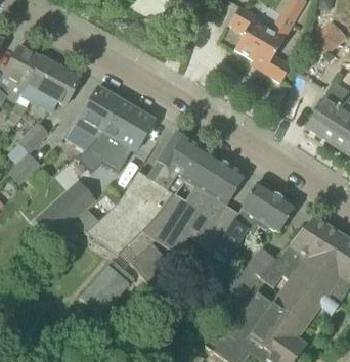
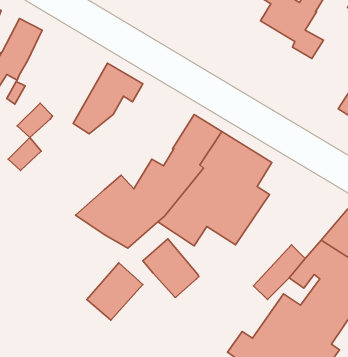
building: [18,54,80,110] -> none
building: [74,103,155,176] -> none
building: [37,181,94,235] -> none
building: [211,181,295,259] -> none

